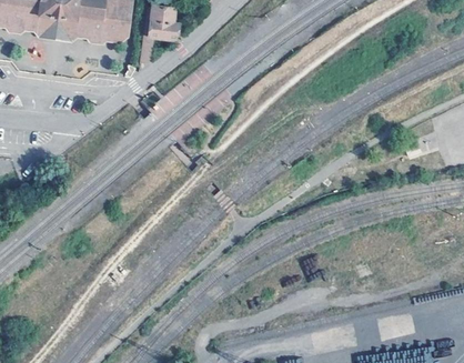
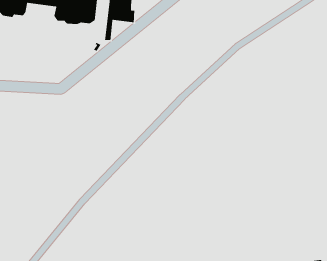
building: [37,16,79,39] -> none

